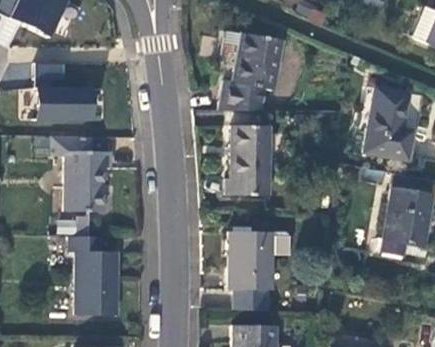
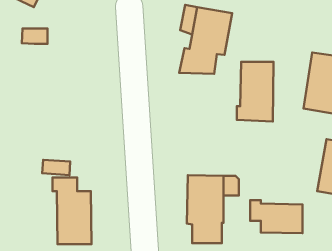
building: [35,85,92,119] -> none
building: [228,127,271,197] -> [237,62,274,122]
building: [52,134,112,210] -> none
building: none -> [250,200,303,233]

